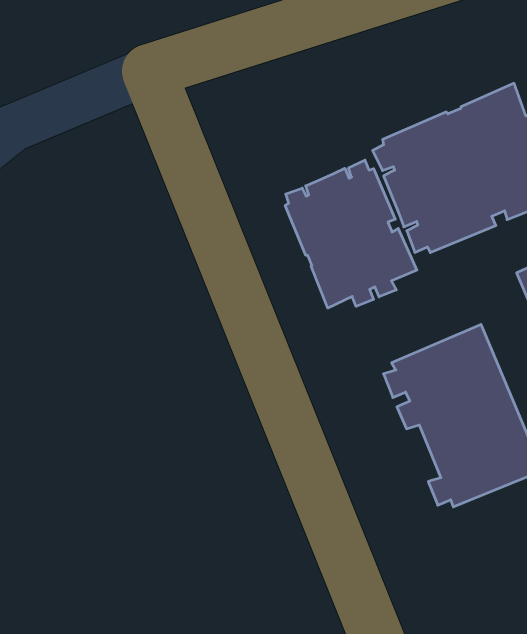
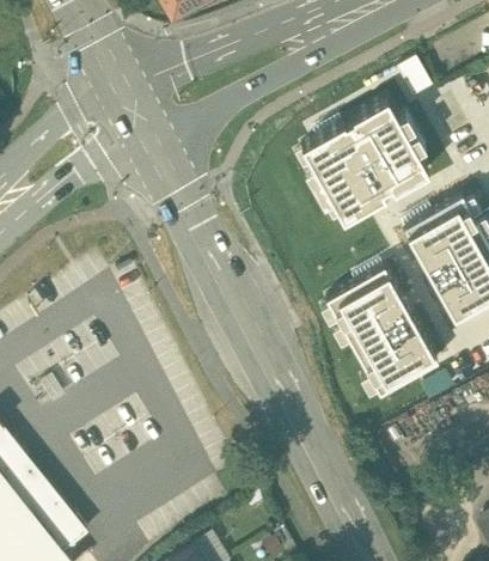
building: [285,160,417,308] -> none

